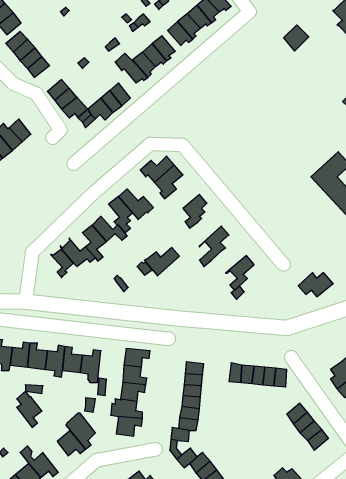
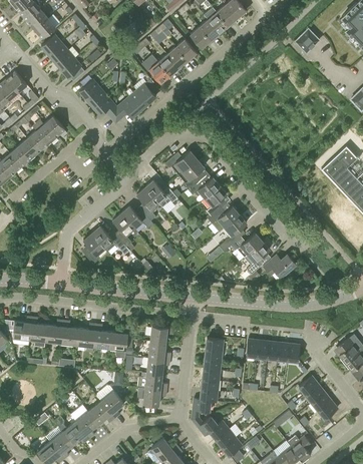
building: none -> [187,176,219,197]
building: none -> [230,231,262,257]
building: [144,247,179,276] -> [207,205,239,231]
building: [298,273,333,297] -> [263,254,295,276]
building: [17,391,42,427] -> [75,406,98,439]

